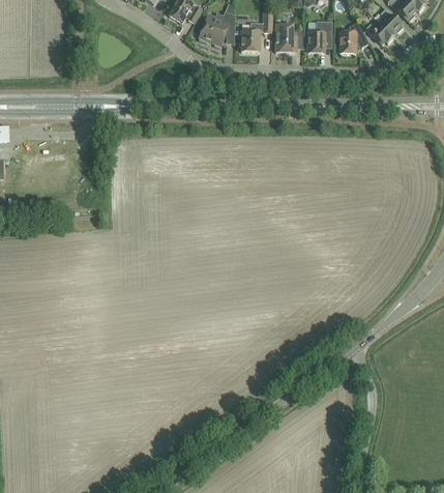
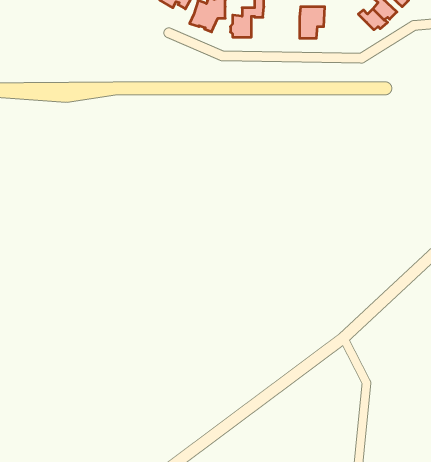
building: [339,21,369,53] -> none
building: [275,24,296,52] -> none

